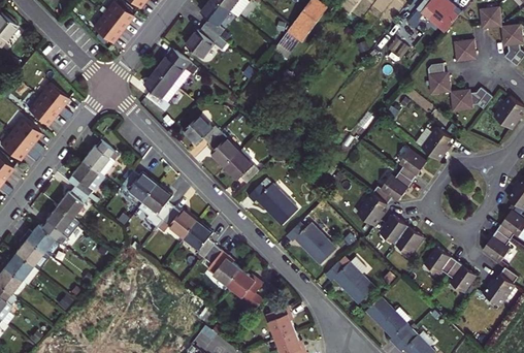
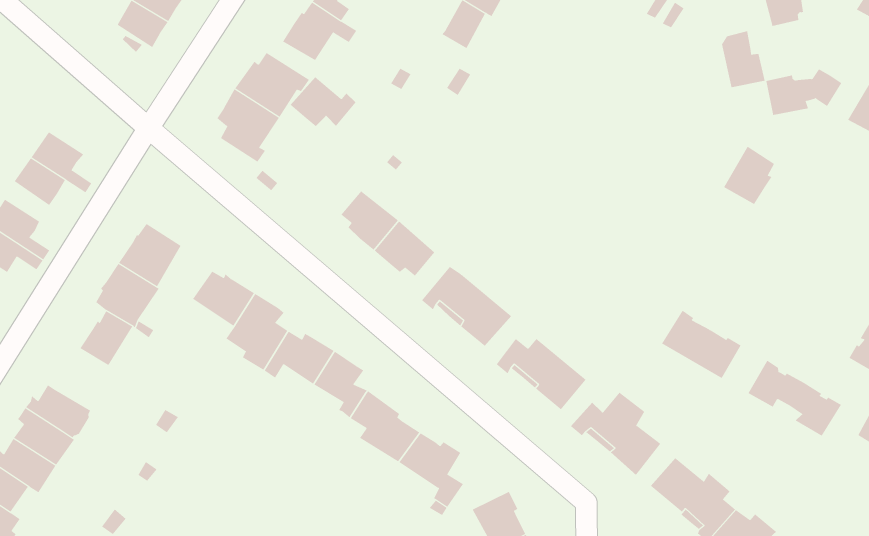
building: [184,116,221,145] -> [290,77,356,127]
building: [358,149,427,226] -> none
building: [41,205,79,244] -> none

